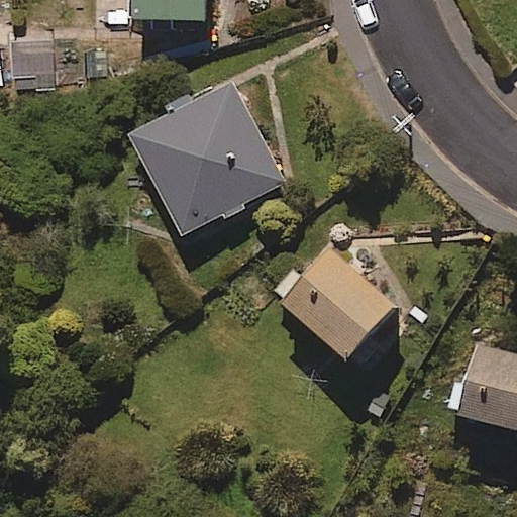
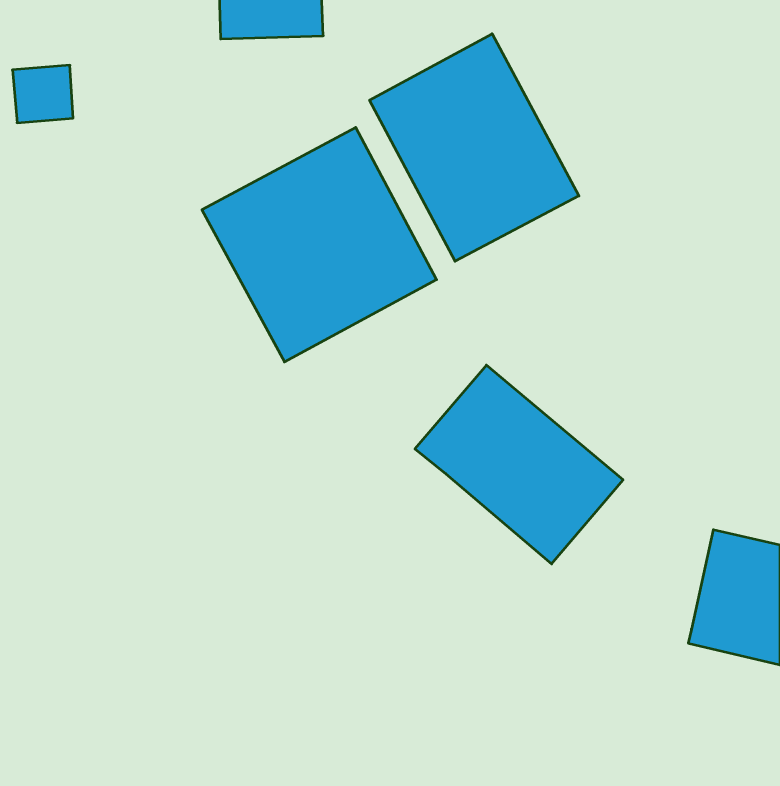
building: none -> [370,34,579,261]

